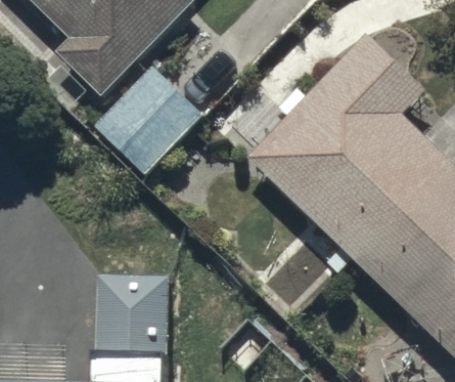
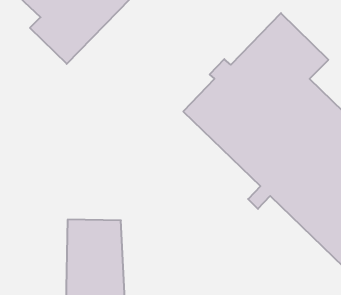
building: [94,63,200,170] -> none

